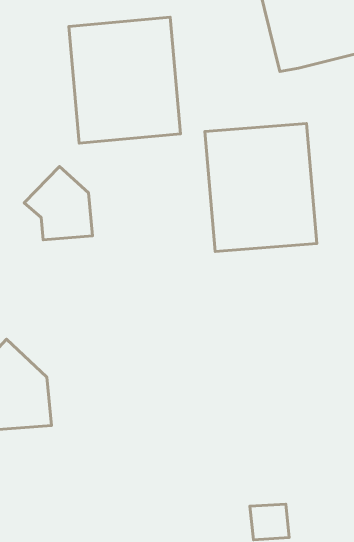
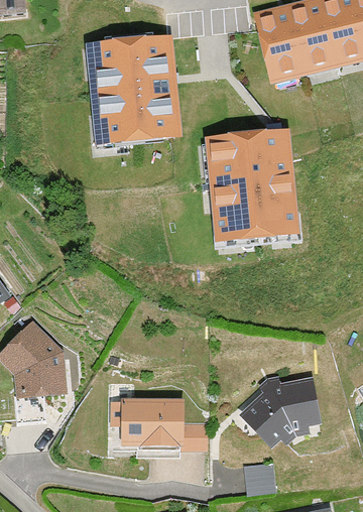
building: [24,167,92,240] -> none
building: none -> [241,375,323,447]
building: none -> [106,395,208,451]

